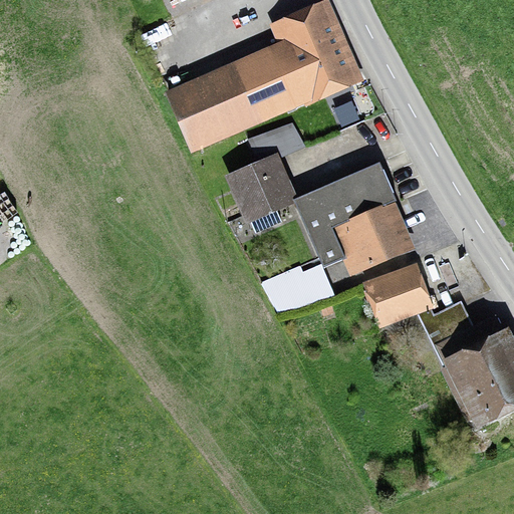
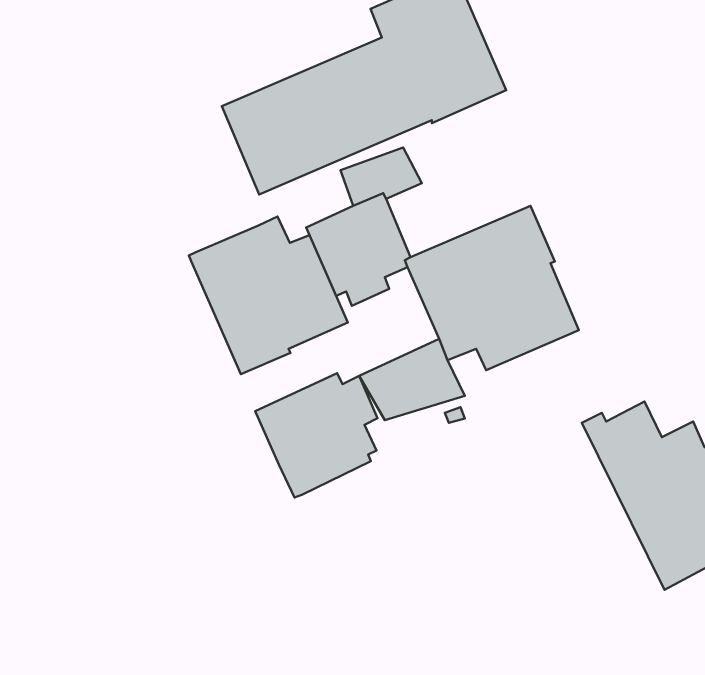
building: none -> [189,216,348,374]
building: [361,262,434,328] -> none
building: none -> [255,373,378,498]

